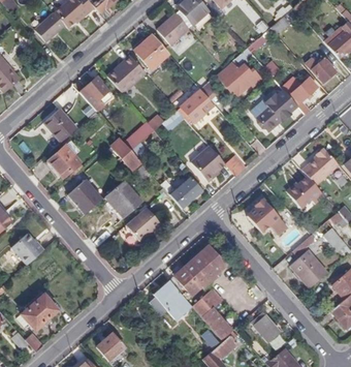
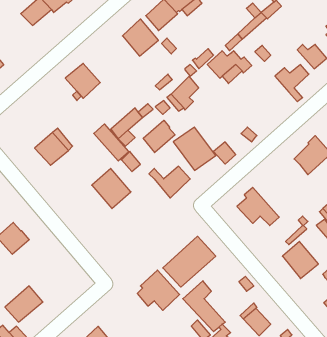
building: [107,55,146,93] -> none
building: [251,88,297,130] -> none
building: [43,108,76,142] -> none
building: none -> [143,120,175,153]
building: [288,175,325,208] -> none
building: [69,178,103,213] -> none
building: [126,207,161,240] -> none

